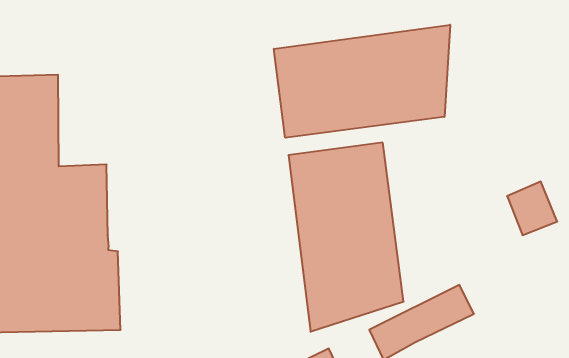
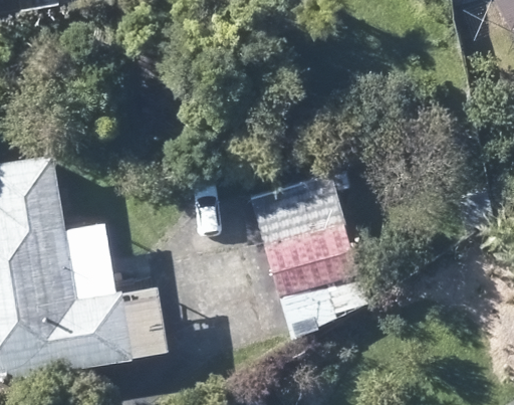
building: [274,25,450,138] -> none

